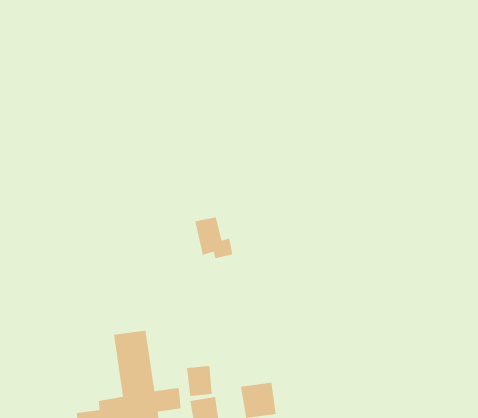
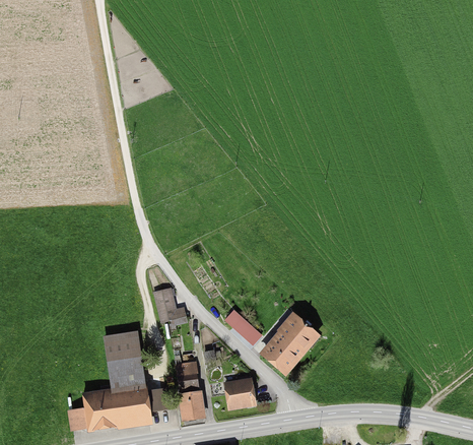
building: [195,217,233,259] -> [152,288,188,326]
building: none -> [224,311,263,346]
building: none -> [257,314,319,378]

